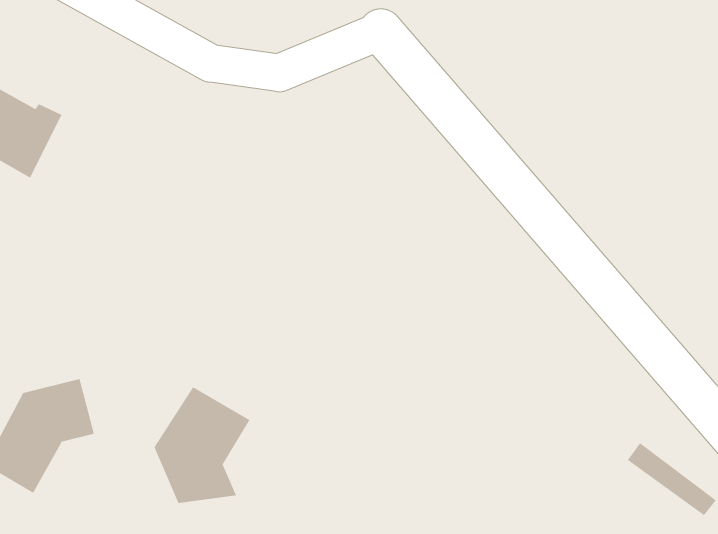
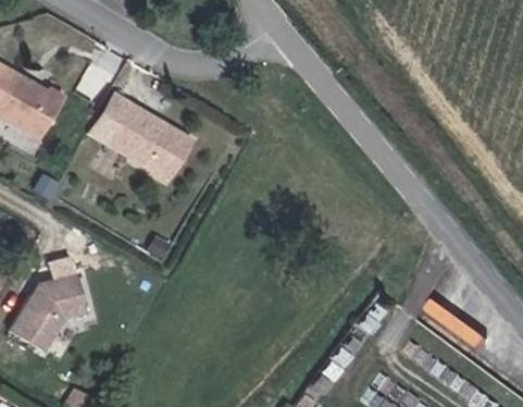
building: none -> [102,99,192,177]
building: [154,386,251,504] -> none

